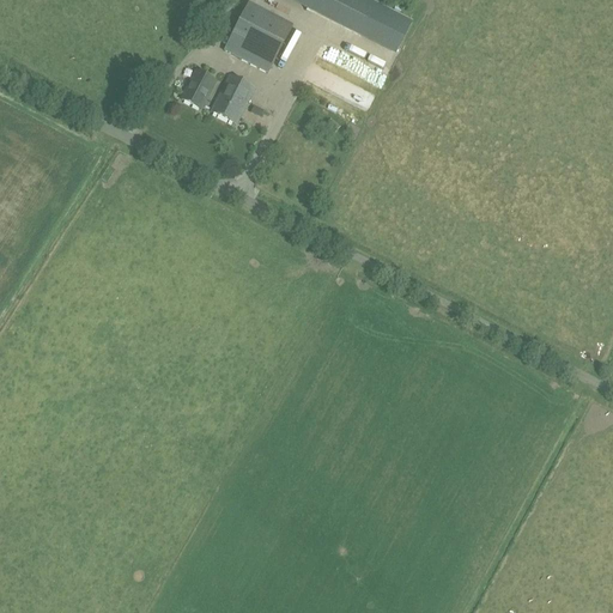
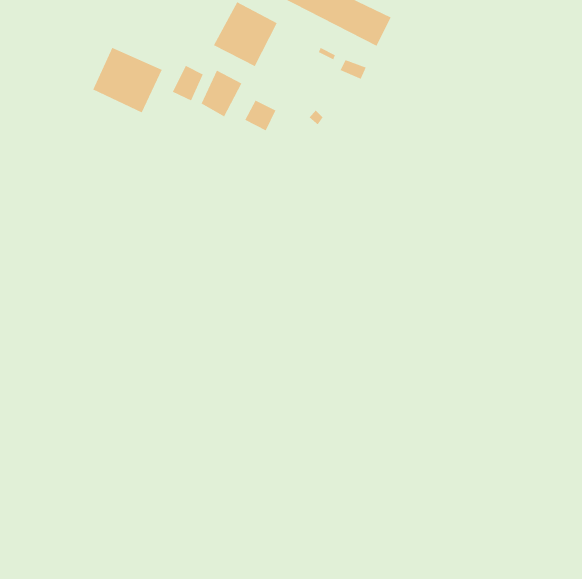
building: none -> [92,47,163,113]
building: none -> [244,100,276,132]

